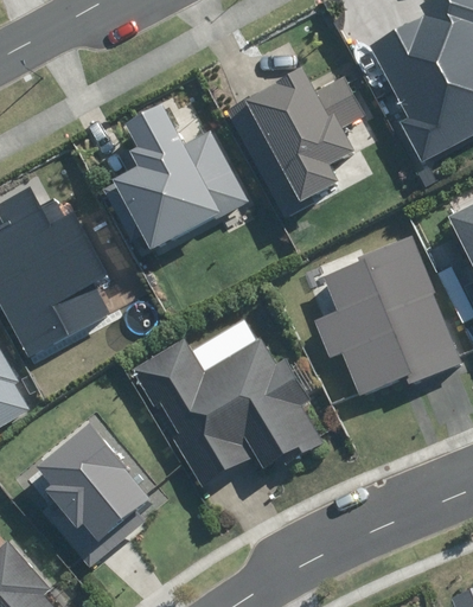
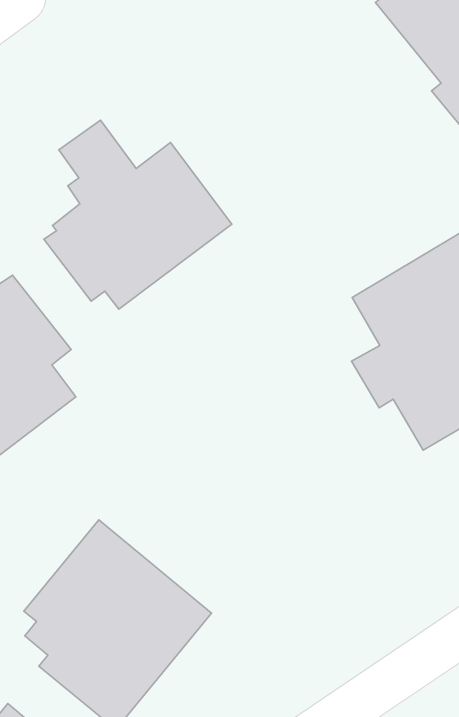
building: [222,68,359,216] -> none
building: [140,338,327,487] -> none

